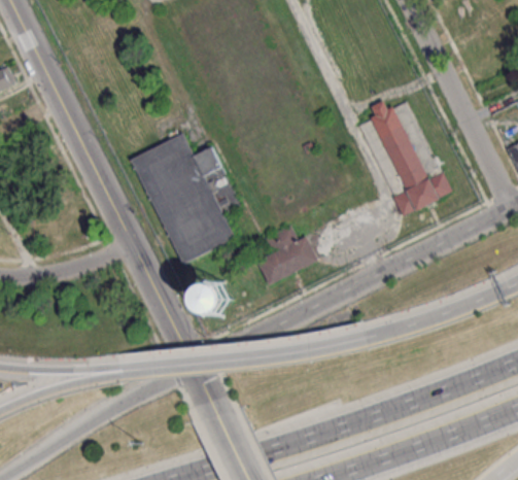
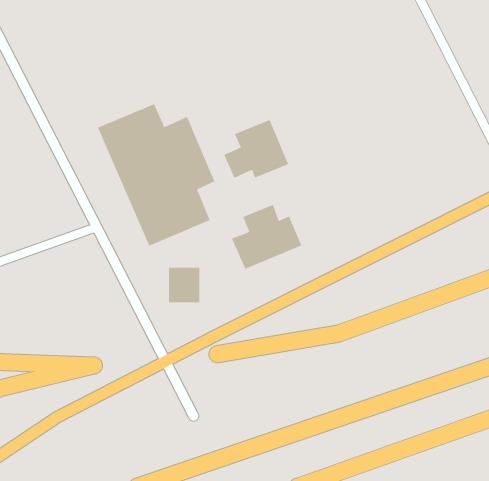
building: [360,101,453,216] -> none
building: none -> [224,119,289,179]

